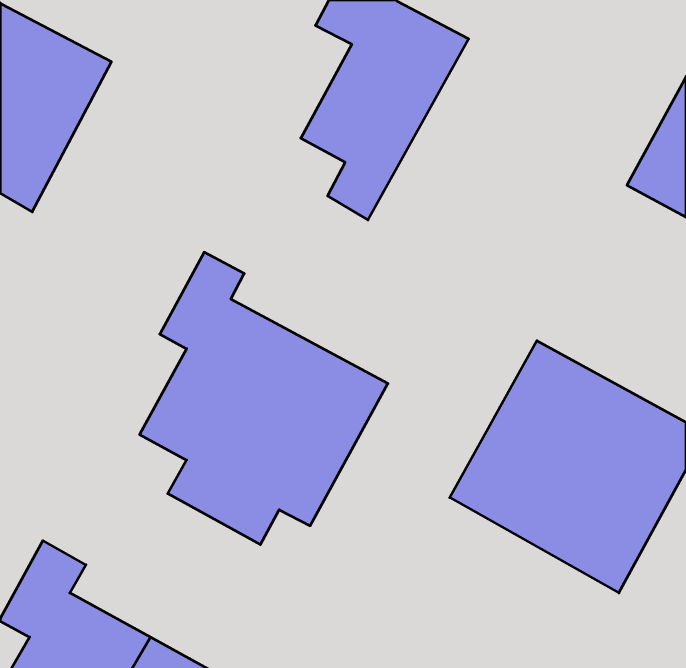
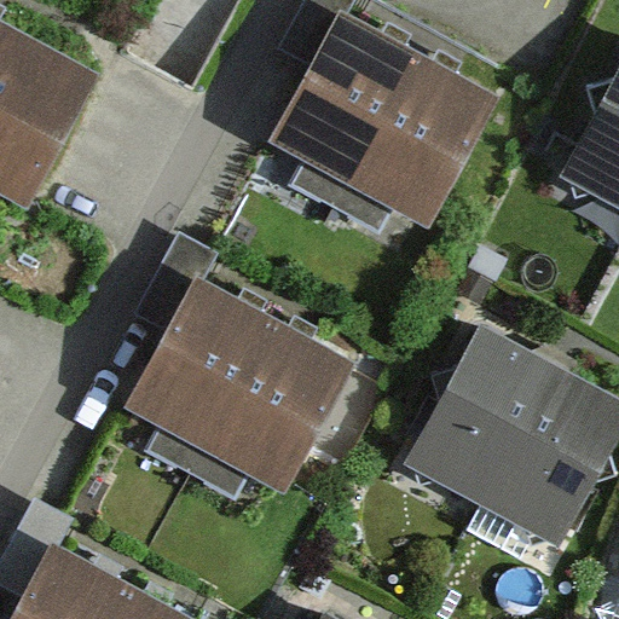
building: none -> [331,51,499,239]

